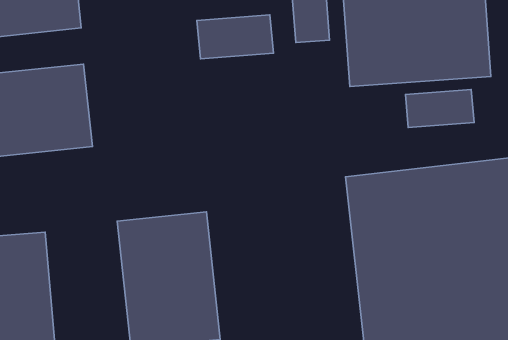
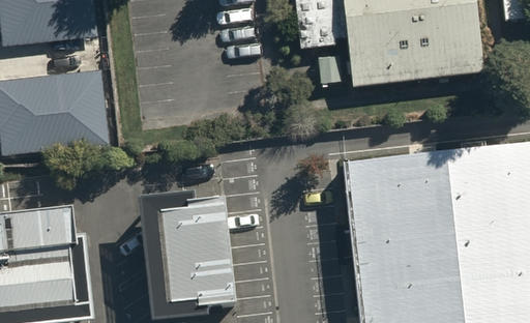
building: [197,15,273,59] -> none
building: [405,90,474,127] -> none

